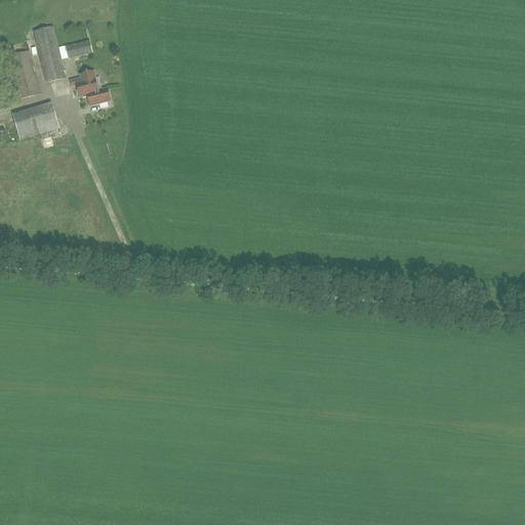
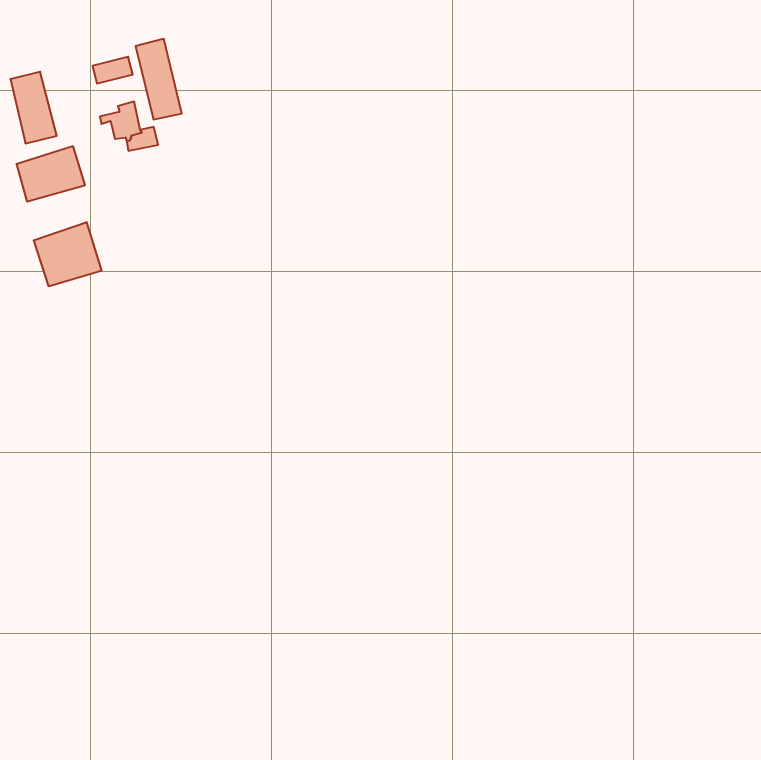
building: [33,26,65,81] -> [136,39,182,119]
building: none -> [34,222,101,286]

